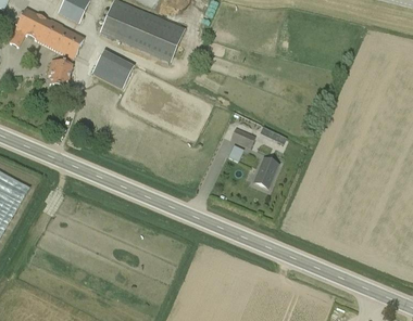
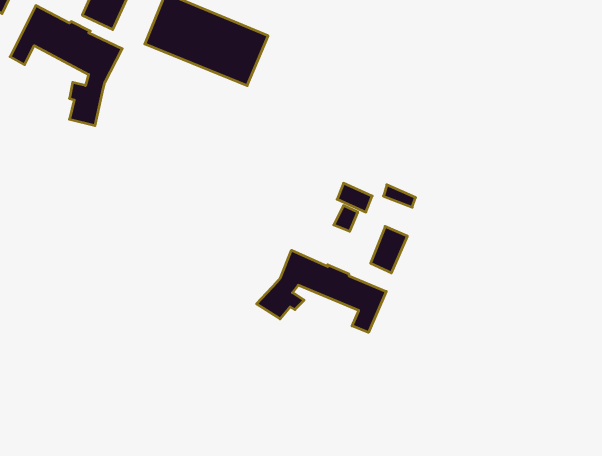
building: [92,48,136,87] -> none
building: none -> [257,250,386,332]

